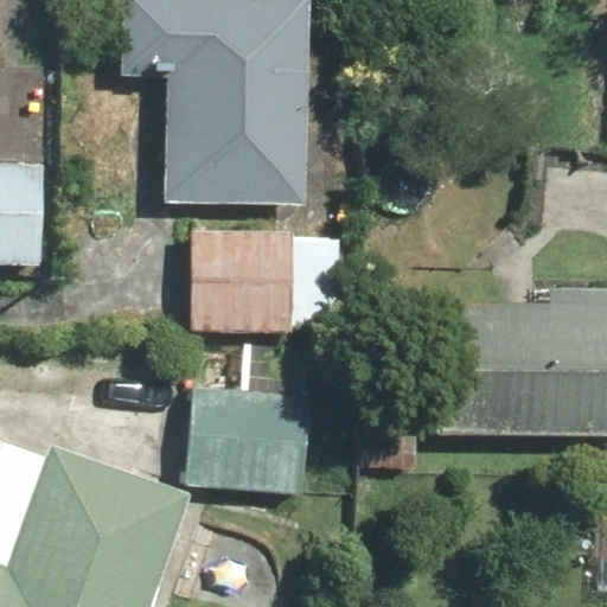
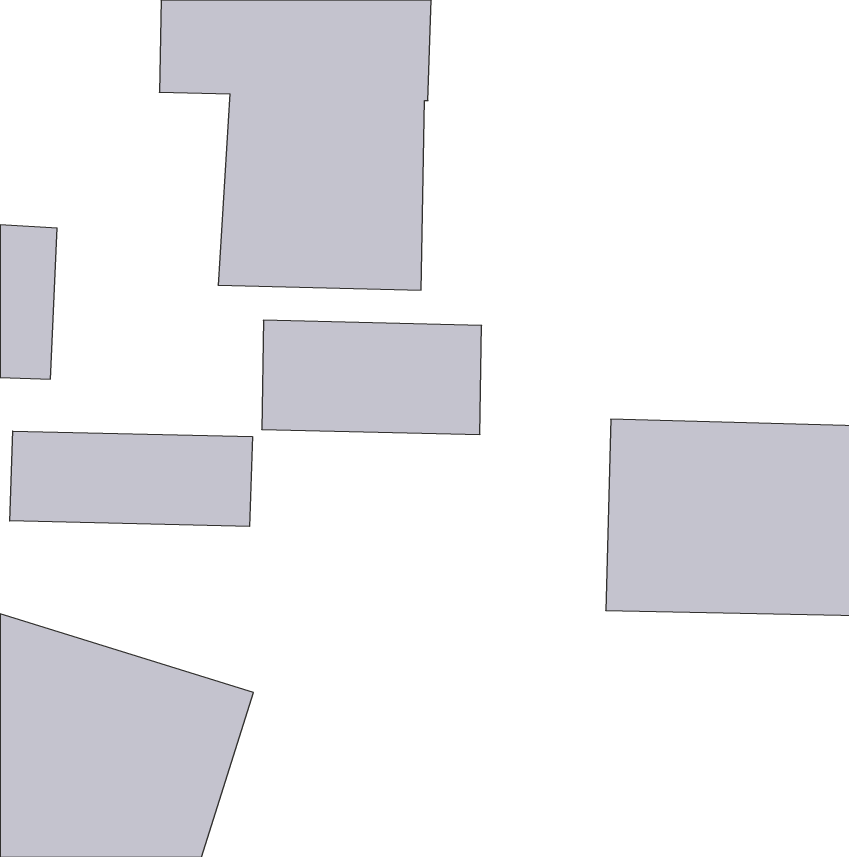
building: none -> [10,431,252,526]
building: [186,388,304,494] -> none

